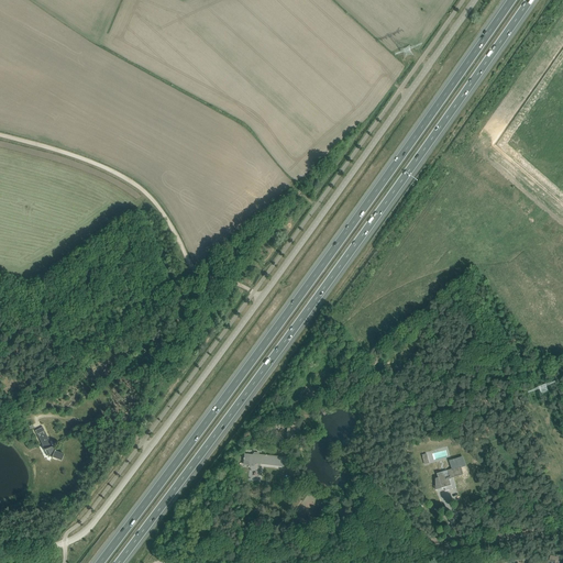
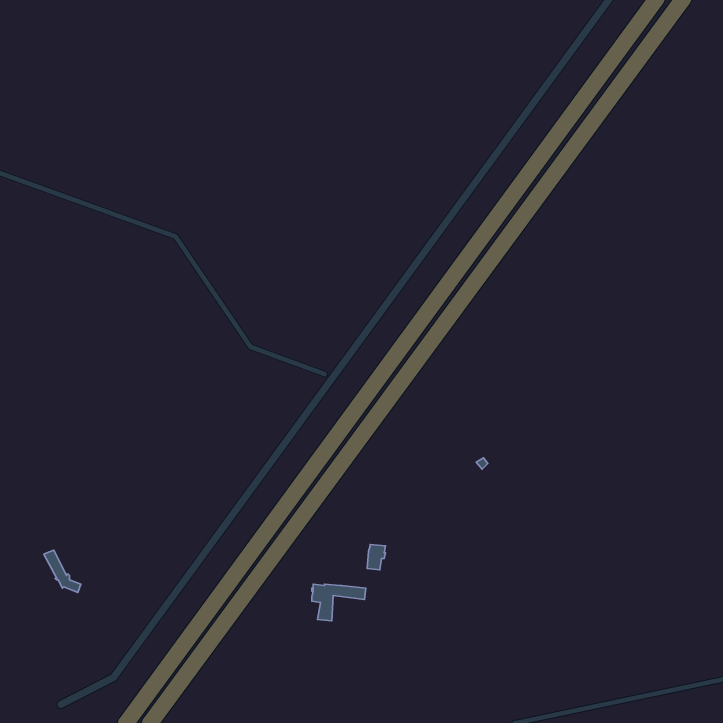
building: [434,456,464,490] -> none

